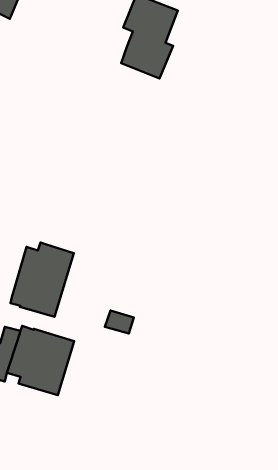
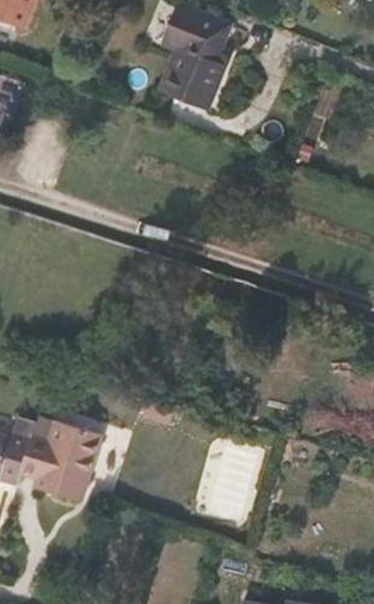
building: [10,243,74,317] -> none

